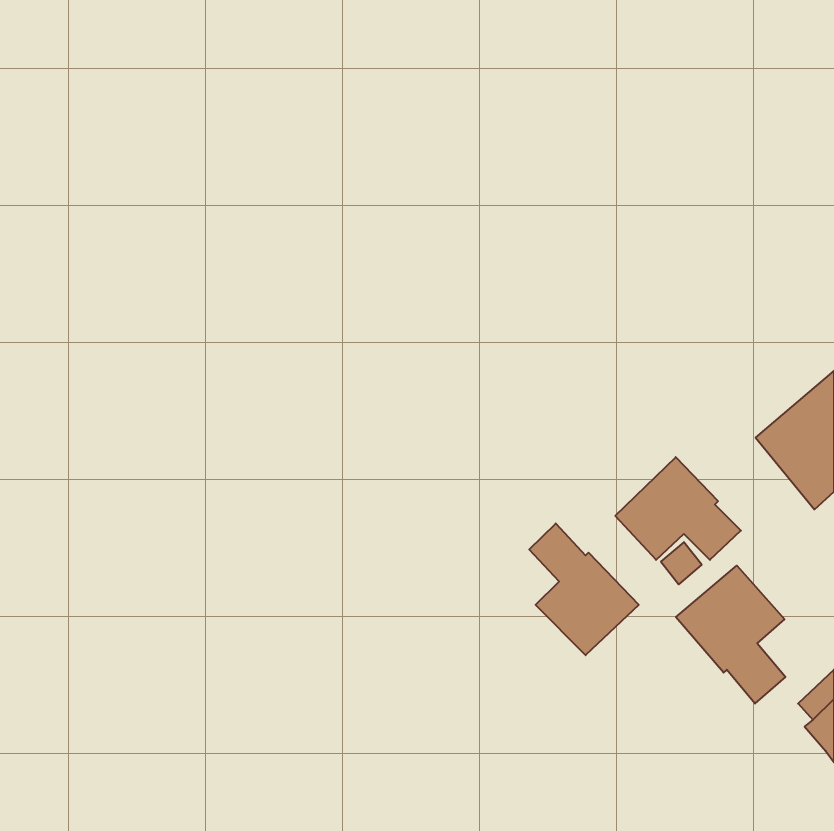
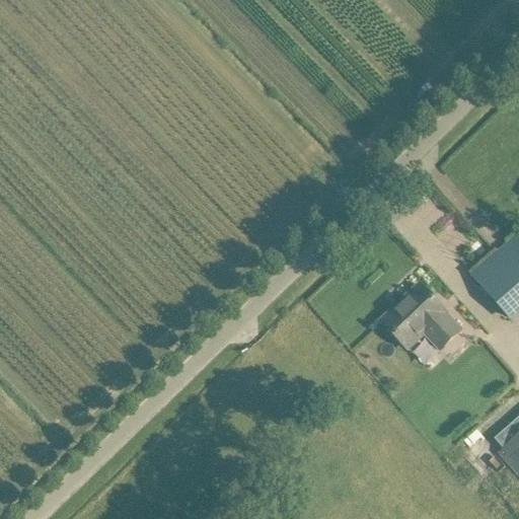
building: [529,523,639,655] -> none
building: [676,566,785,704] -> none

